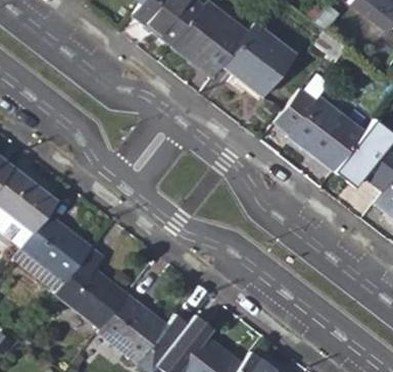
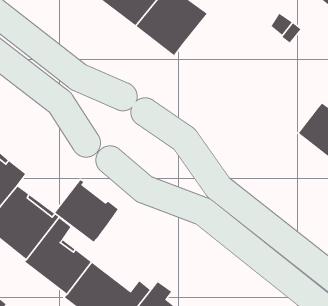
building: [223,23,295,97] -> none
building: [276,91,364,171] -> none
building: none -> [54,179,119,243]

